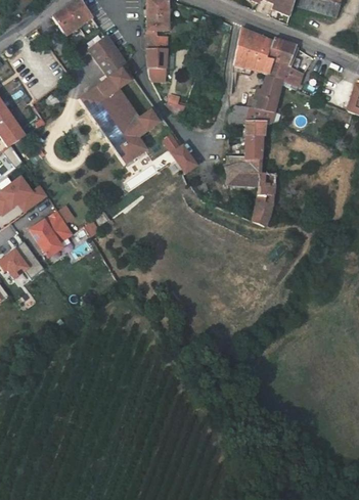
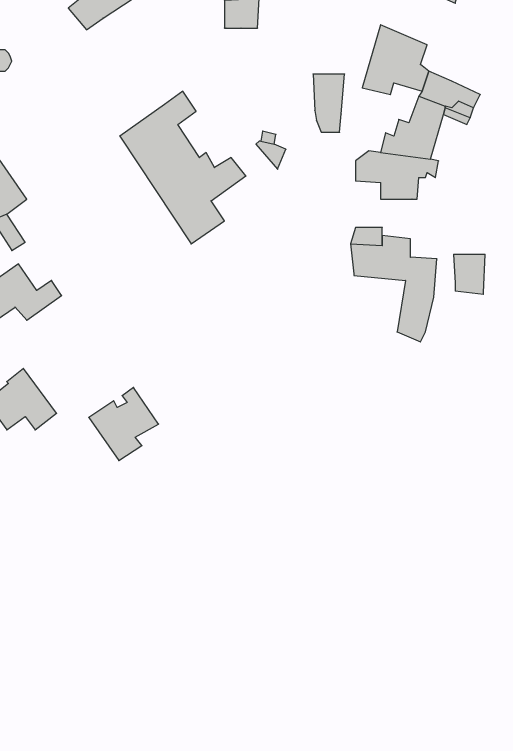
building: [90,37,128,78] -> none
building: [268,38,293,63] -> none
building: [148,44,168,80] -> [313,74,345,132]
building: [243,136,263,161] -> [454,254,485,294]
building: [172,143,199,173] -> none
building: [31,211,74,256] -> [89,387,159,461]

